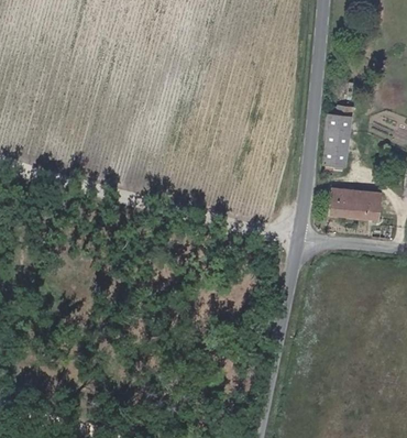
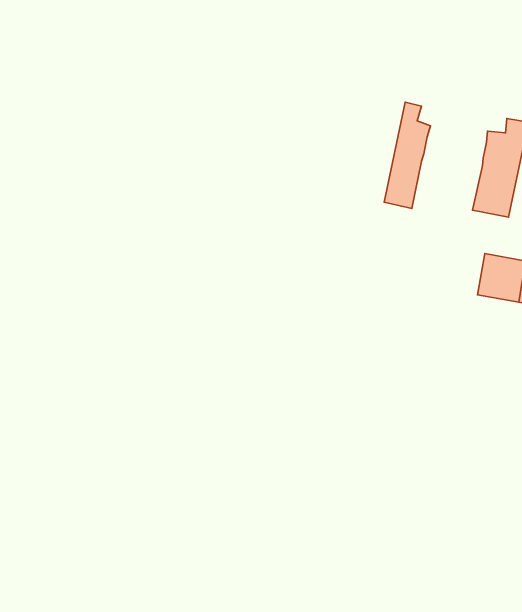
building: none -> [384,102,431,208]

